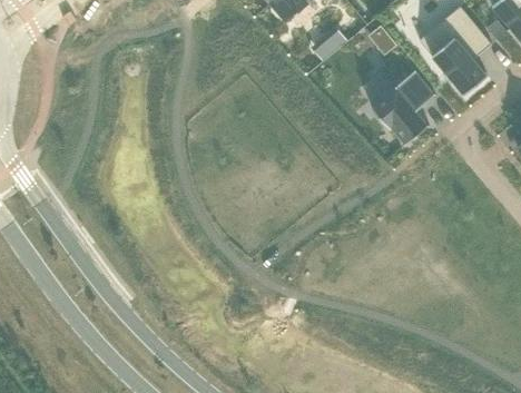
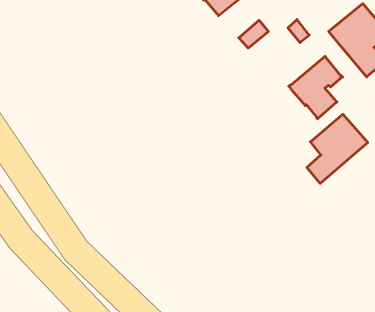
building: none -> [307,114,368,183]

